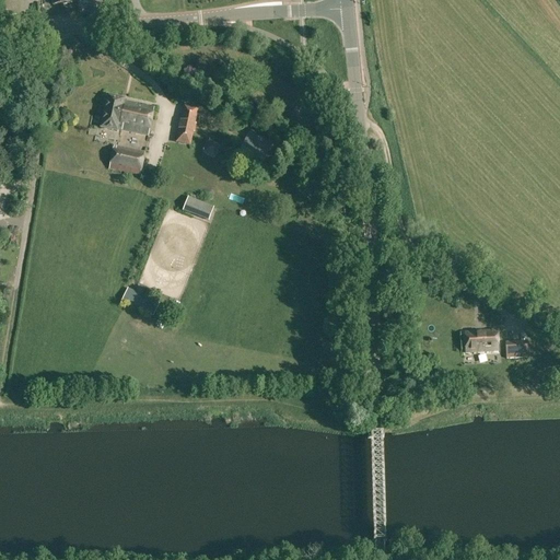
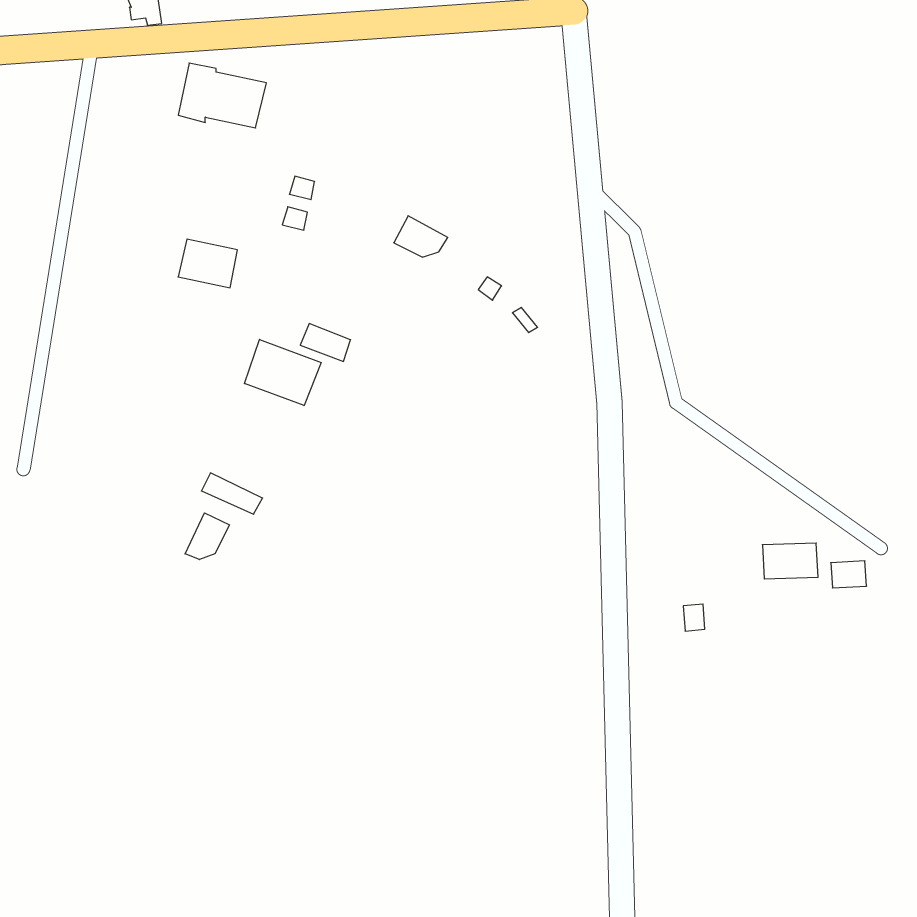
building: [102,95,155,135] -> [178,63,266,128]
building: none -> [244,339,321,406]
building: none -> [185,513,229,560]

